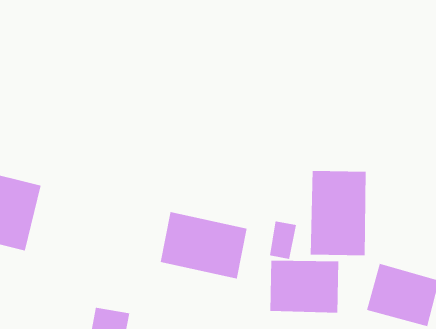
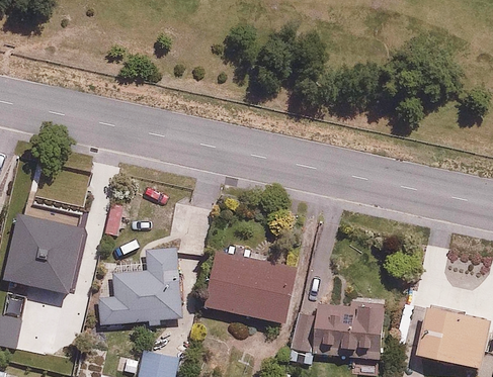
building: [310,170,366,256] -> none
building: none -> [99,249,177,320]
building: [269,221,297,260] -> [286,314,315,354]

